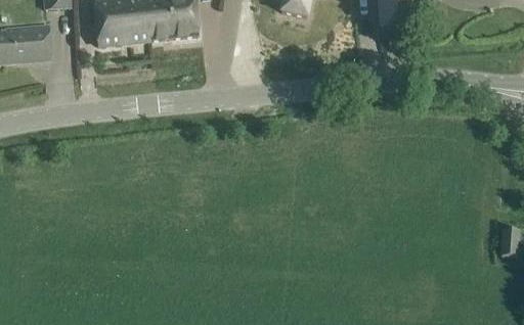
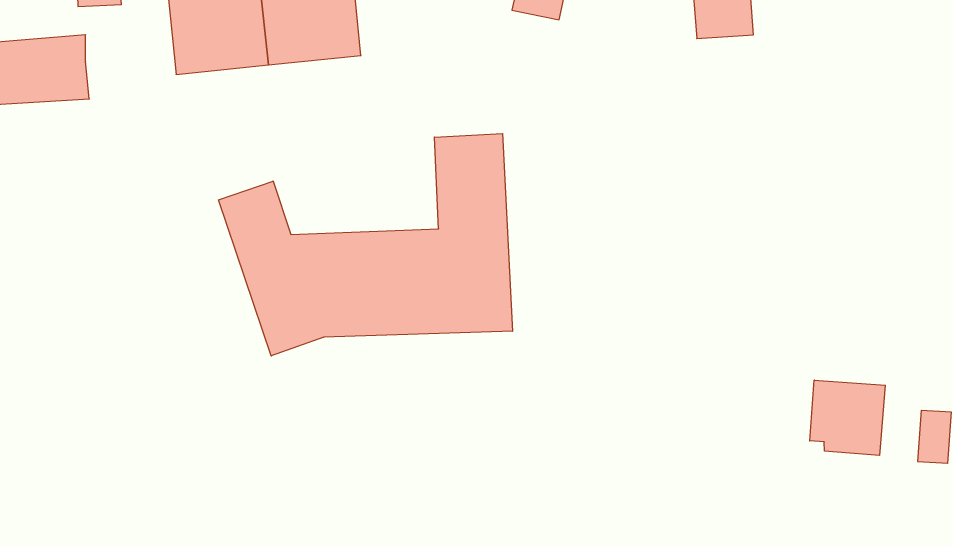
building: none -> [218,134,512,356]
building: none -> [810,380,885,455]

